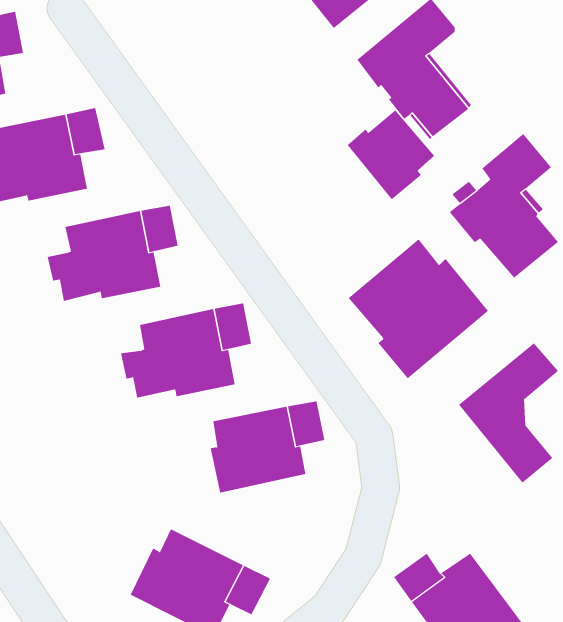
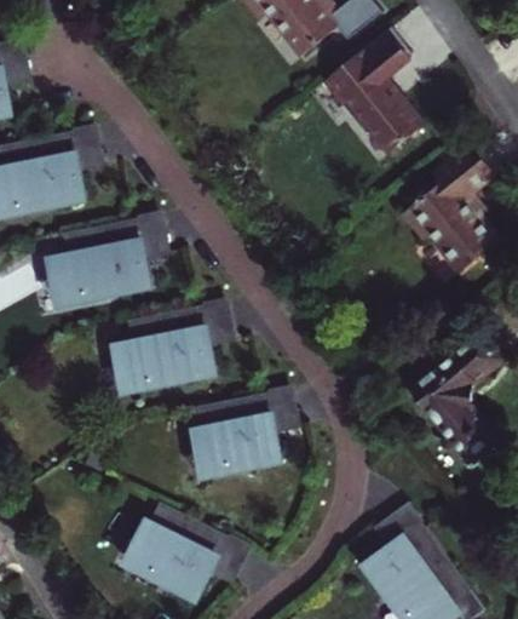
building: [347,109,435,200] -> none
building: [348,239,489,379] -> none

